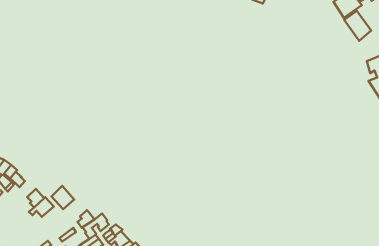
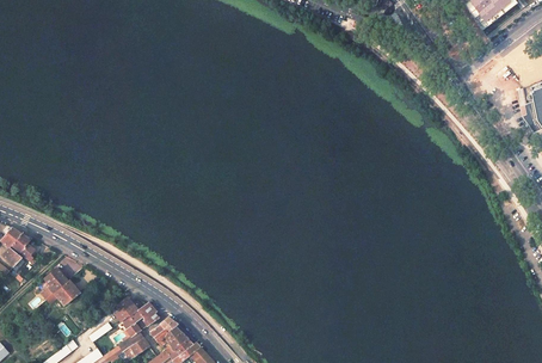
building: [344,11,371,41] -> none
building: [52,186,74,209] -> none

